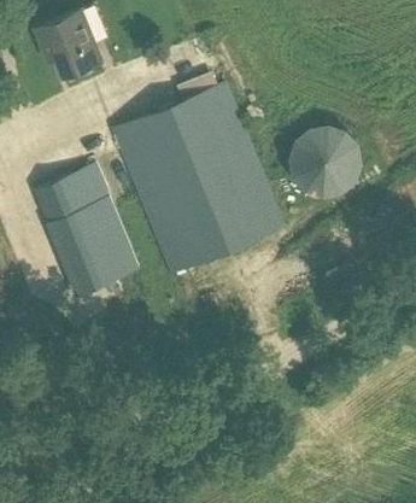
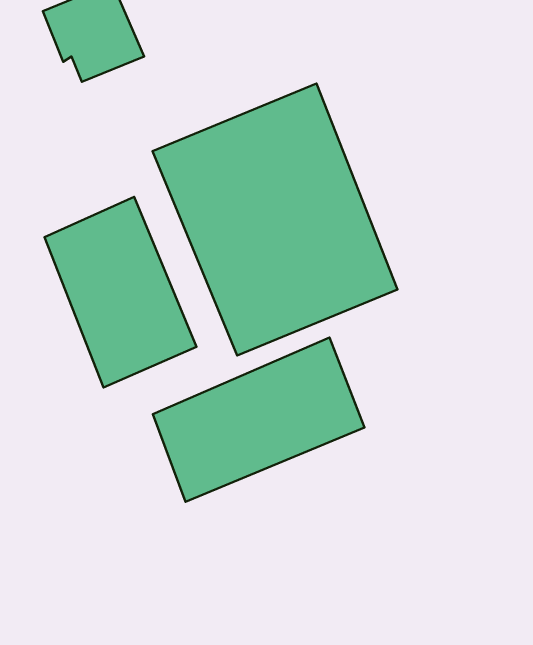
building: [291,125,359,193] -> none
building: none -> [153,337,365,502]

